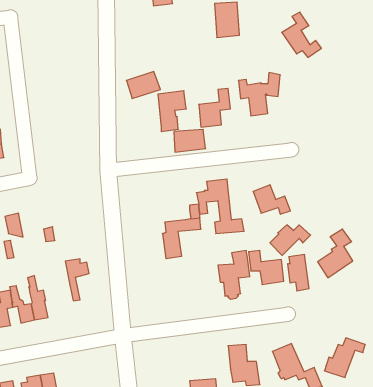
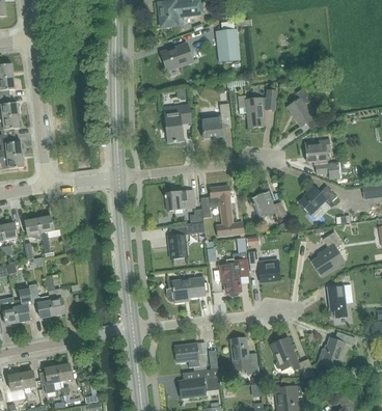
building: [282,12,321,57] -> [288,87,324,129]
building: [126,71,160,99] -> [162,44,193,68]
building: none -> [305,139,340,179]
building: [174,129,206,152] -> [166,190,195,211]
building: [270,225,311,255] -> [299,186,336,214]
building: [288,255,309,291] -> [328,284,348,318]
building: [65,259,89,301] -> [37,215,59,253]
building: none -> [167,277,207,303]
building: none -> [174,342,206,371]

